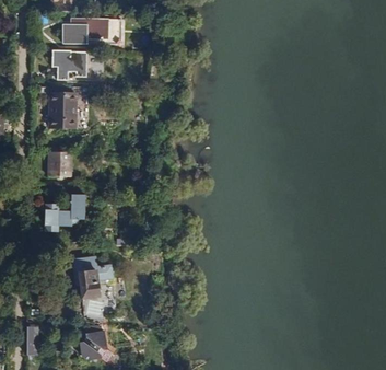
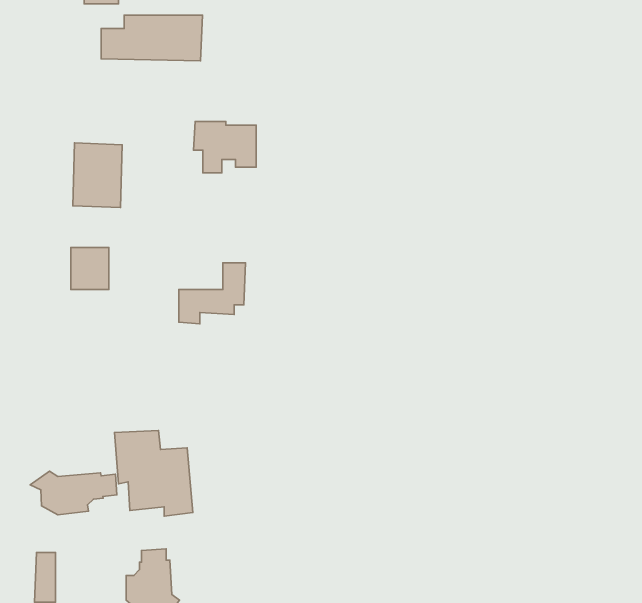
building: [50,49,86,79] -> [193,122,256,173]
building: [44,195,82,230] -> [179,263,246,324]
building: none -> [30,471,117,515]

